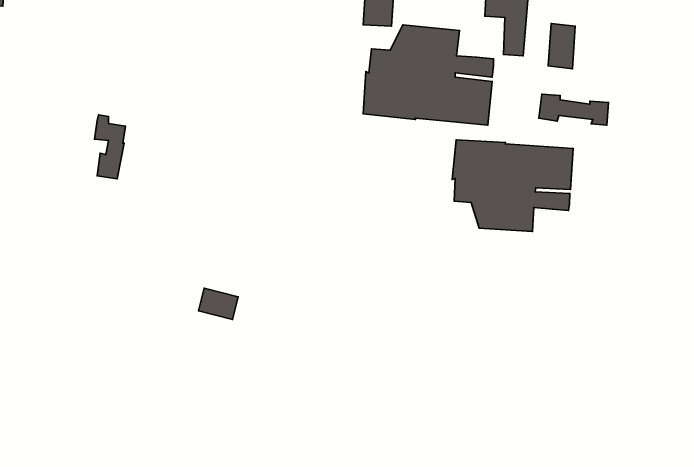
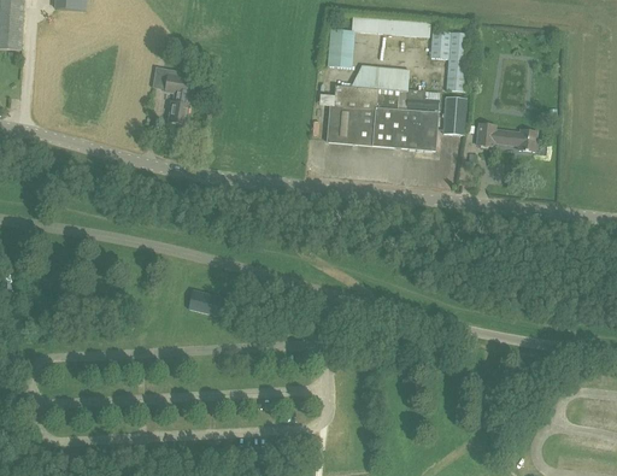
building: [548,23,575,69] -> [441,96,464,135]
building: [94,115,126,179] -> [164,70,190,124]
building: [452,140,573,231] -> none

